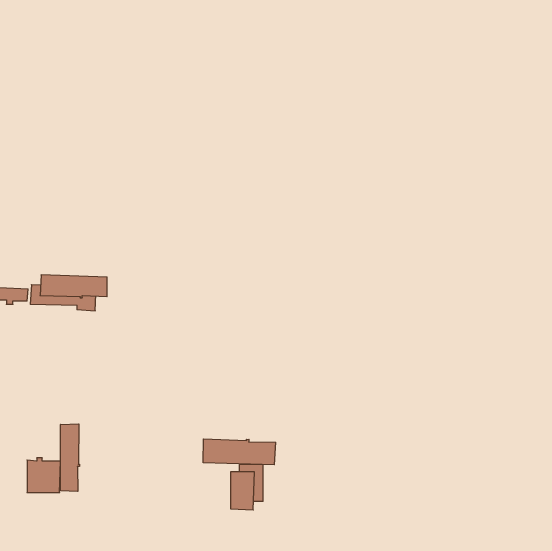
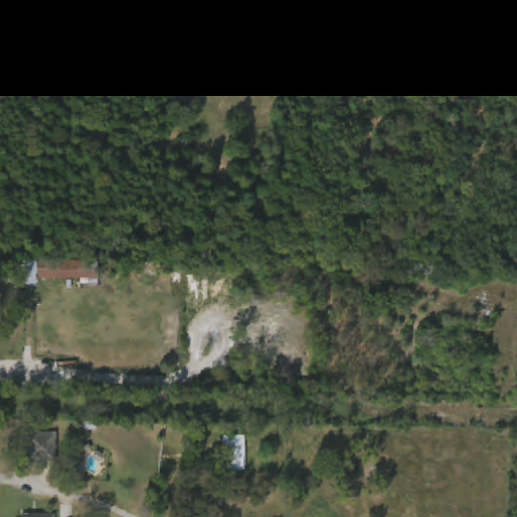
building: [61,424,79,491] -> none
building: [203,439,276,465] -> none

